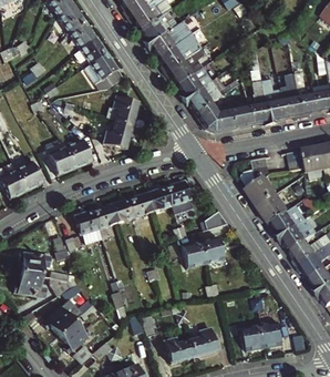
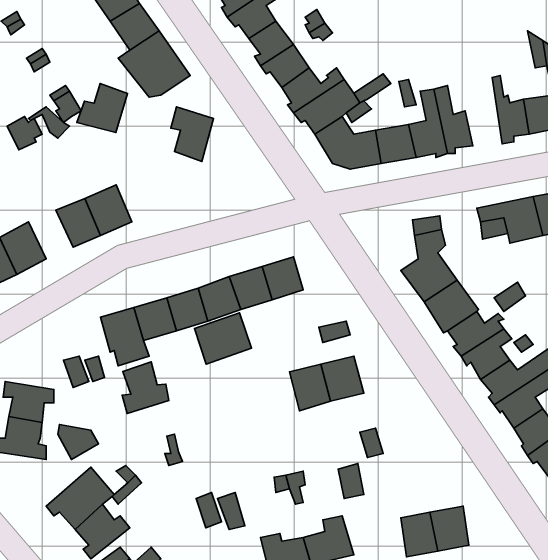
building: [281,79,302,118] -> none
building: [103,121,132,149] -> [77,84,127,132]
building: none -> [194,313,252,364]
building: none -> [122,362,169,413]

